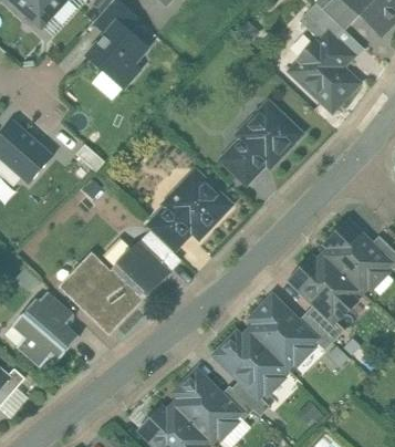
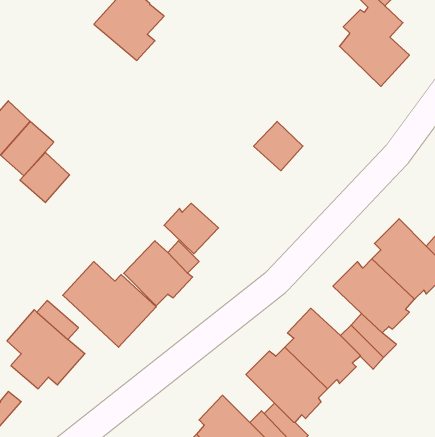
building: [239,104,299,164] -> none
building: none -> [20,152,70,203]
building: [166,173,229,236] -> none

